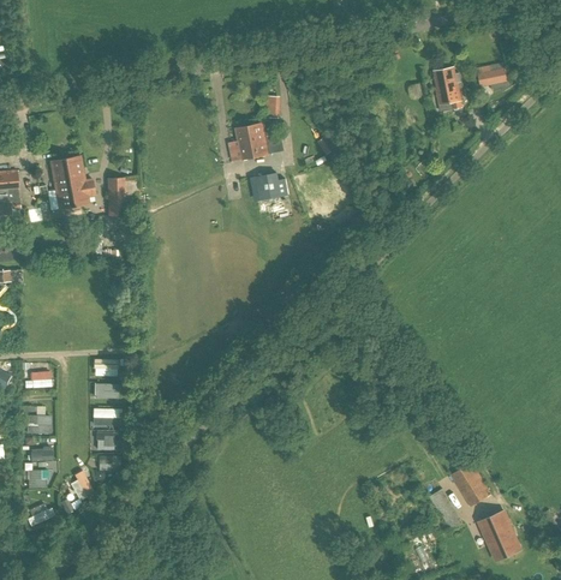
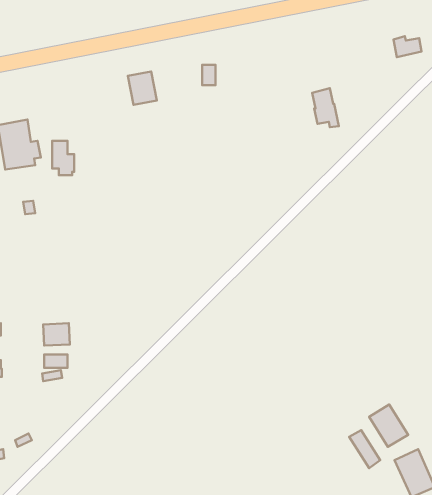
building: [432,66,461,108] -> [312,88,339,127]
building: [235,122,267,159] -> [128,72,157,105]
building: [253,172,281,201] -> none

